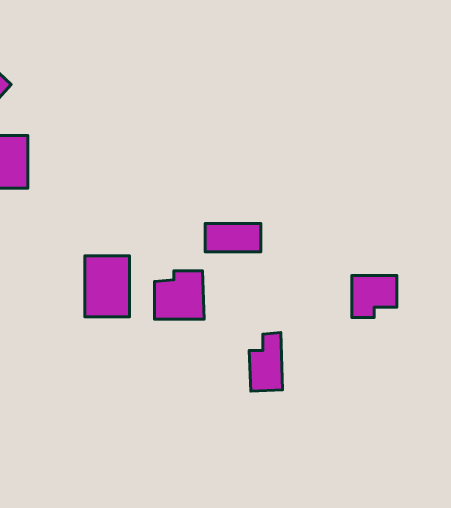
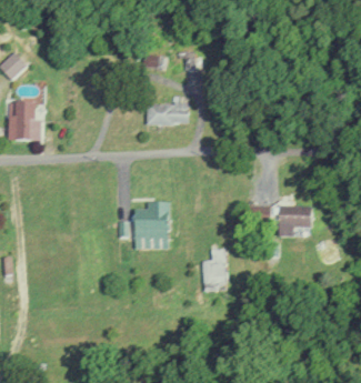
building: [205,223,261,252] -> [147,103,188,124]
building: [85,256,129,317] -> none

